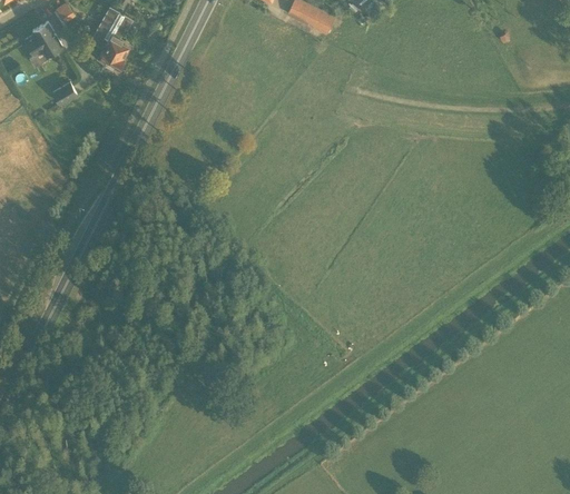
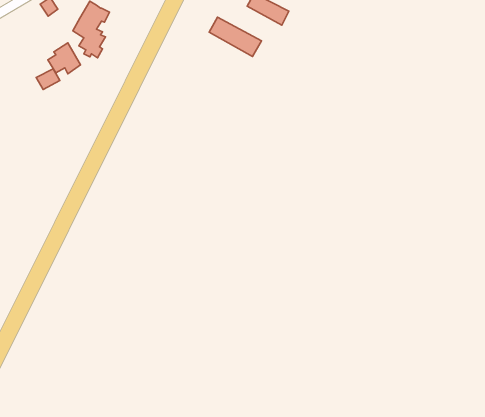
building: [24,21,61,56] -> [48,43,81,74]
building: none -> [209,17,262,56]

